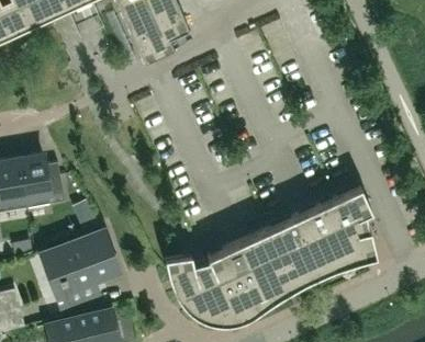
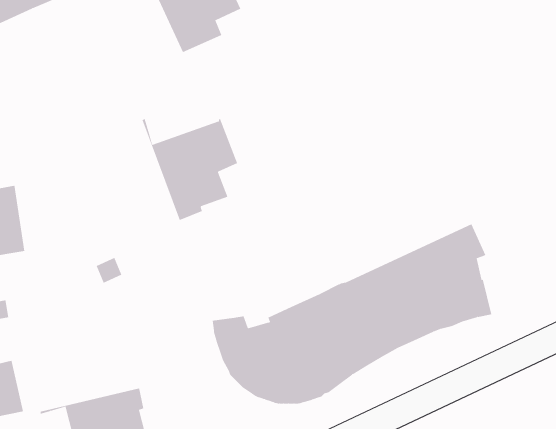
building: none -> [142,118,238,221]
building: [19,155,64,207] -> none
building: [41,231,118,306] -> none

